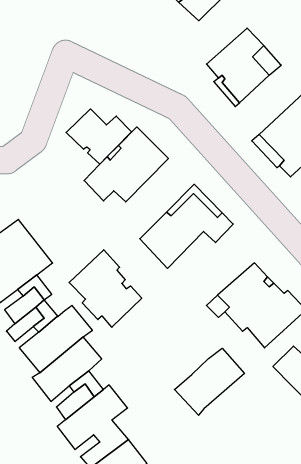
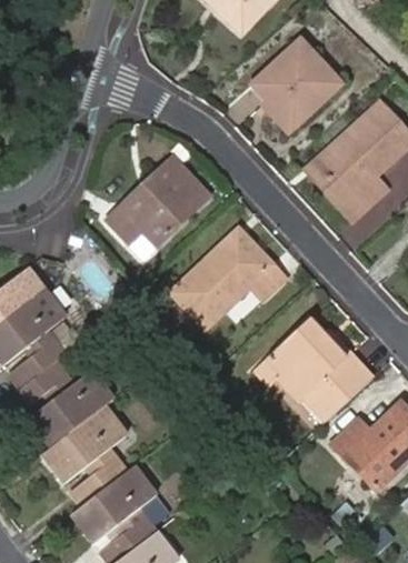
building: [66,109,131,164] -> none
building: [69,250,142,327] -> none
building: [174,348,244,415] -> none

